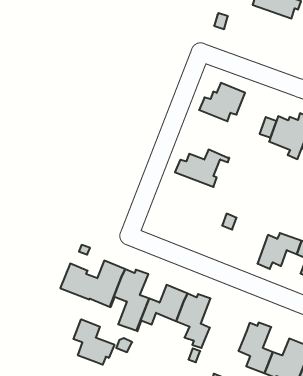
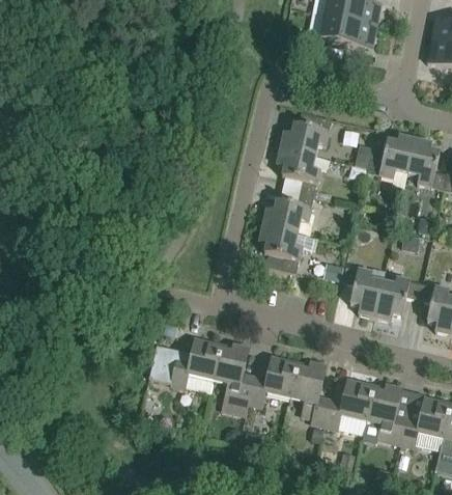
building: none -> [320,15,374,47]
building: none -> [276,146,328,197]
building: none -> [258,223,314,272]
building: none -> [342,248,382,315]
building: none -> [323,379,375,434]
building: [73,319,114,365] -> none

